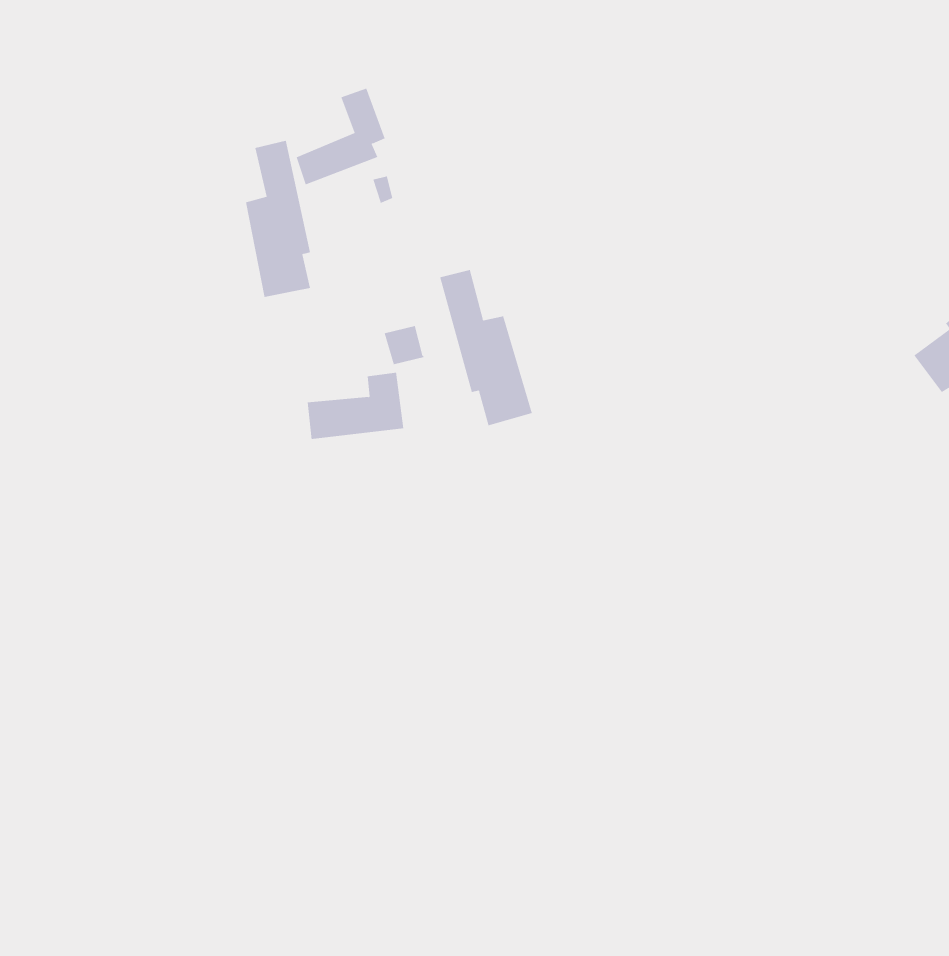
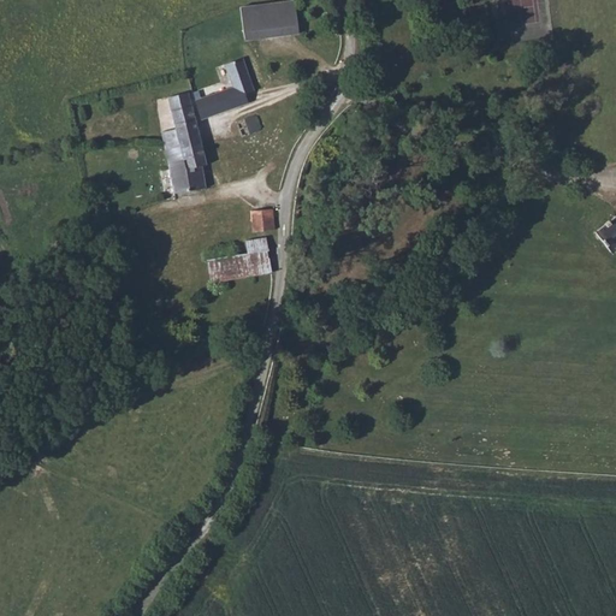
building: none -> [247,6,304,36]
building: [439,269,532,426] -> none

